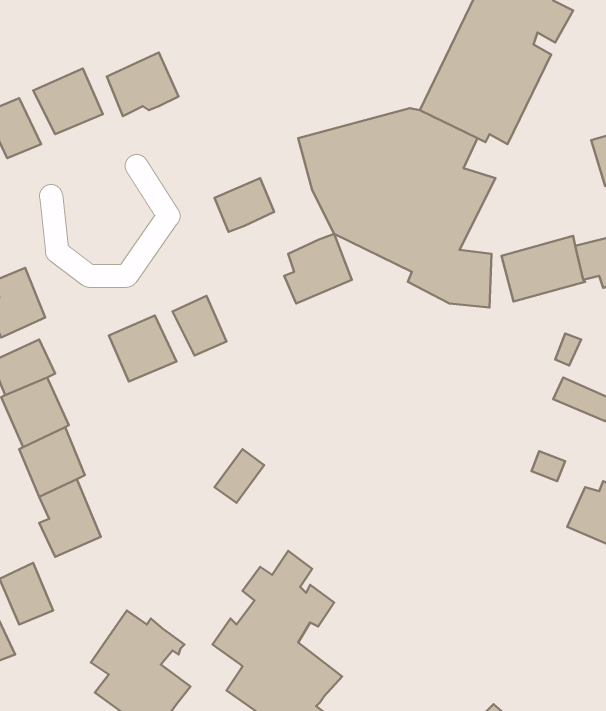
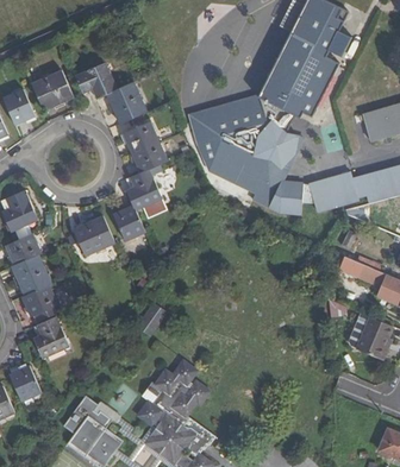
building: none -> [104,81,145,124]
building: none -> [129,118,164,149]
building: [284,234,352,304] -> [125,165,165,207]

